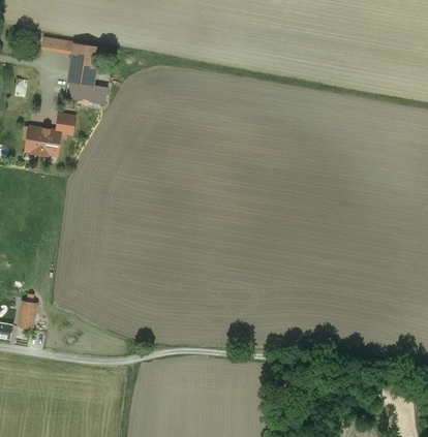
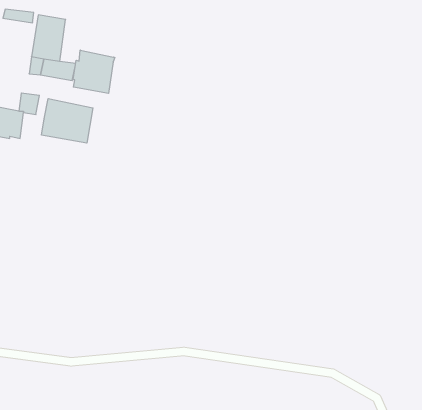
building: none -> [73,50,115,93]
building: none -> [42,99,93,143]

